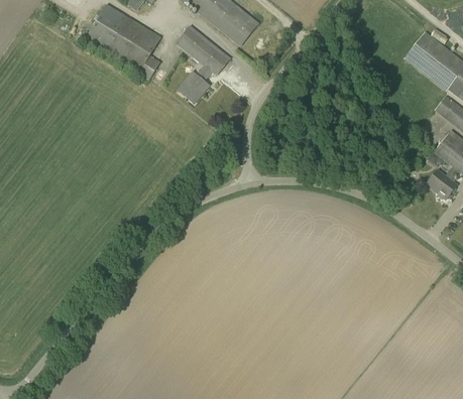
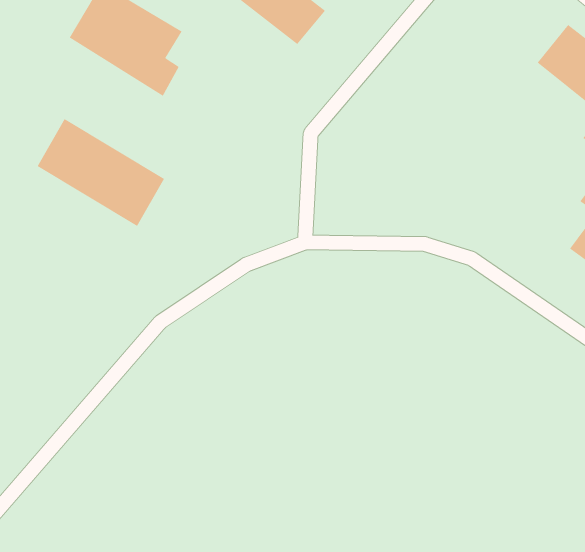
building: [176,24,231,103] -> none
building: none -> [37,118,165,227]

